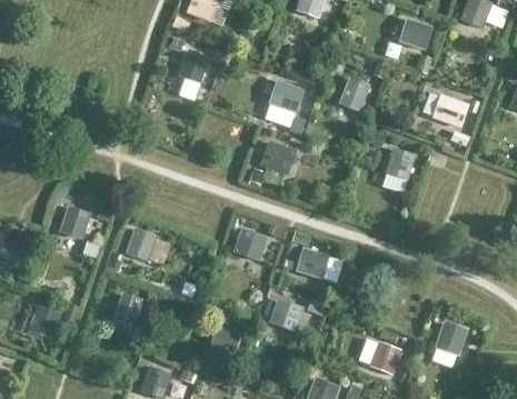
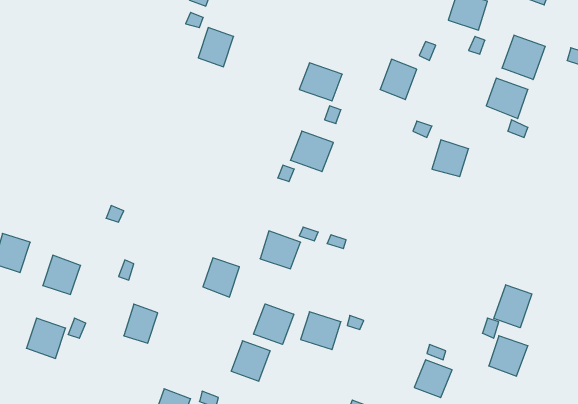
building: none -> [502,35,545,80]
building: [58,206,91,240] -> [43,255,81,294]
building: [125,228,157,262] -> [203,258,239,297]
building: [295,247,329,280] -> none
building: none -> [494,285,532,328]
building: none -> [254,304,294,344]

